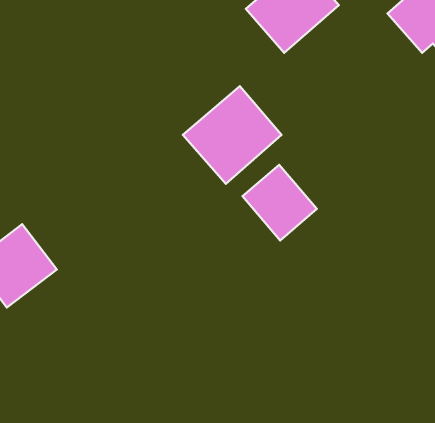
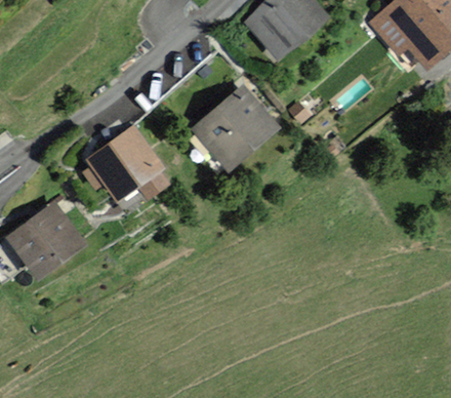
building: none -> [84,125,169,197]
building: [242,165,317,240] -> none

